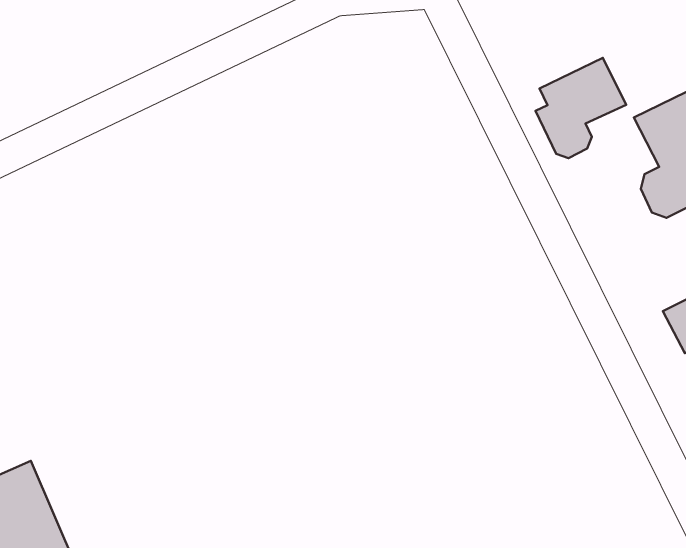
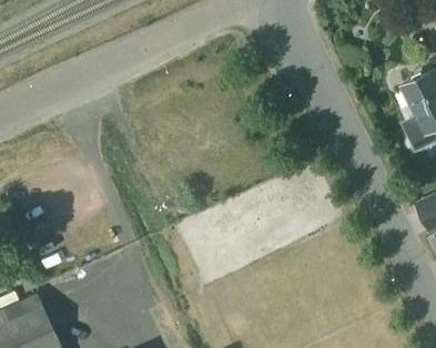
building: [536,58,626,158] -> none

